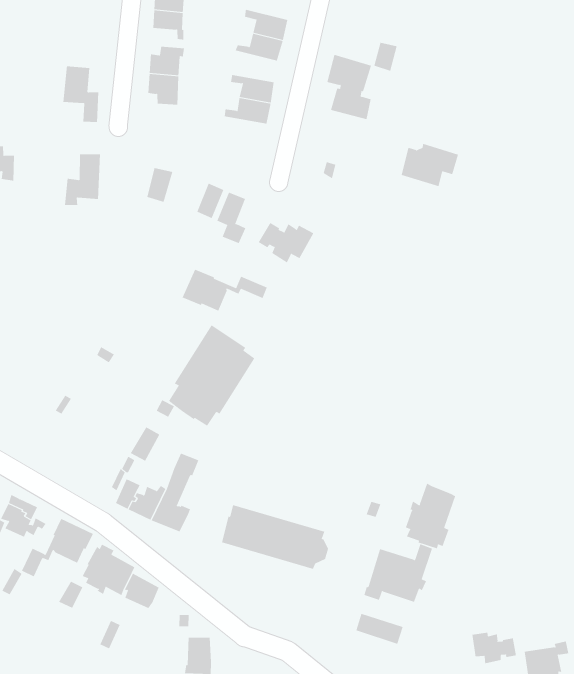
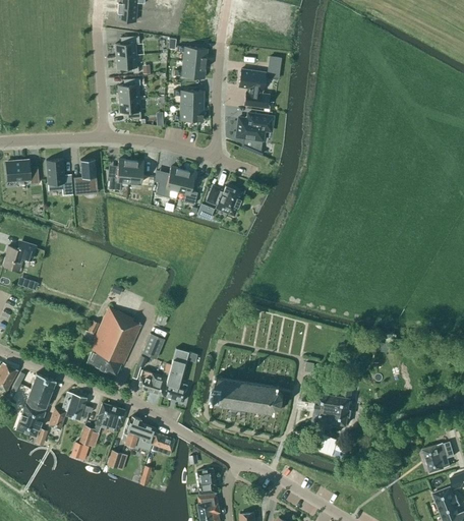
building: [62,66,99,122] -> [47,160,73,196]
building: [401,143,459,187] -> [237,114,274,141]
building: none -> [109,160,131,190]
building: [182,269,268,312] -> none
building: [168,325,255,426] -> [88,307,141,375]
building: [405,483,456,549] -> none
building: [472,632,517,664] -> none

